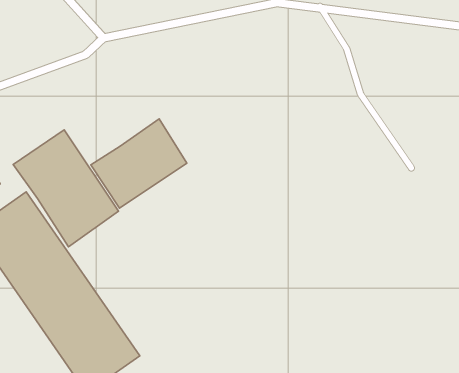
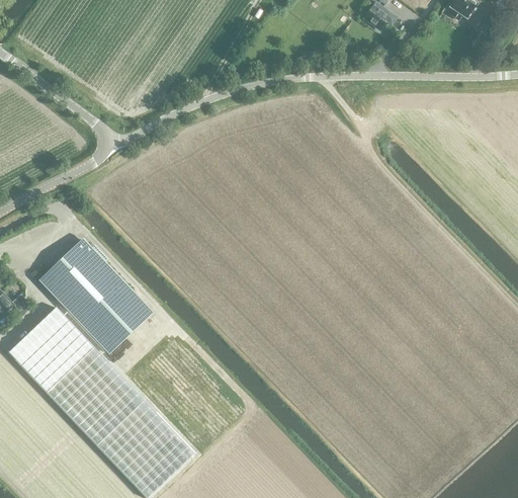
building: [91,119,187,208] -> none

